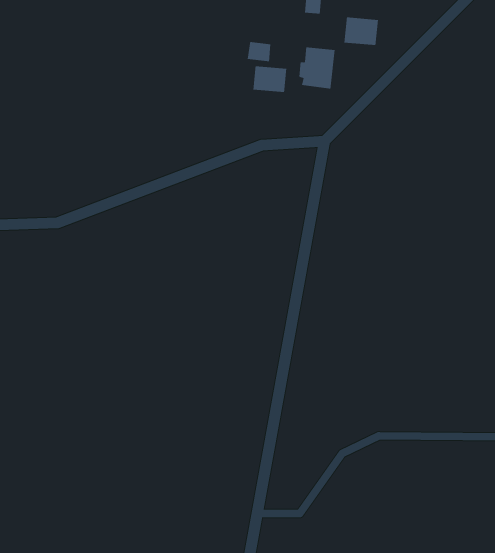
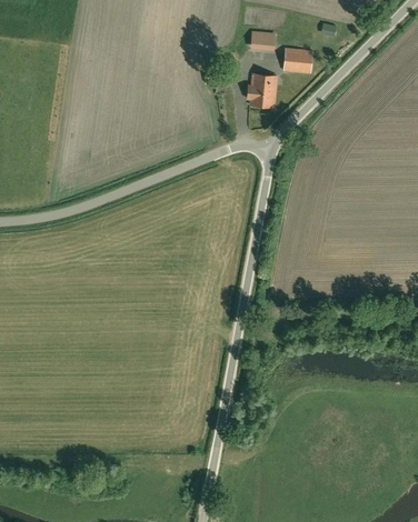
building: [253,65,287,93] -> none

